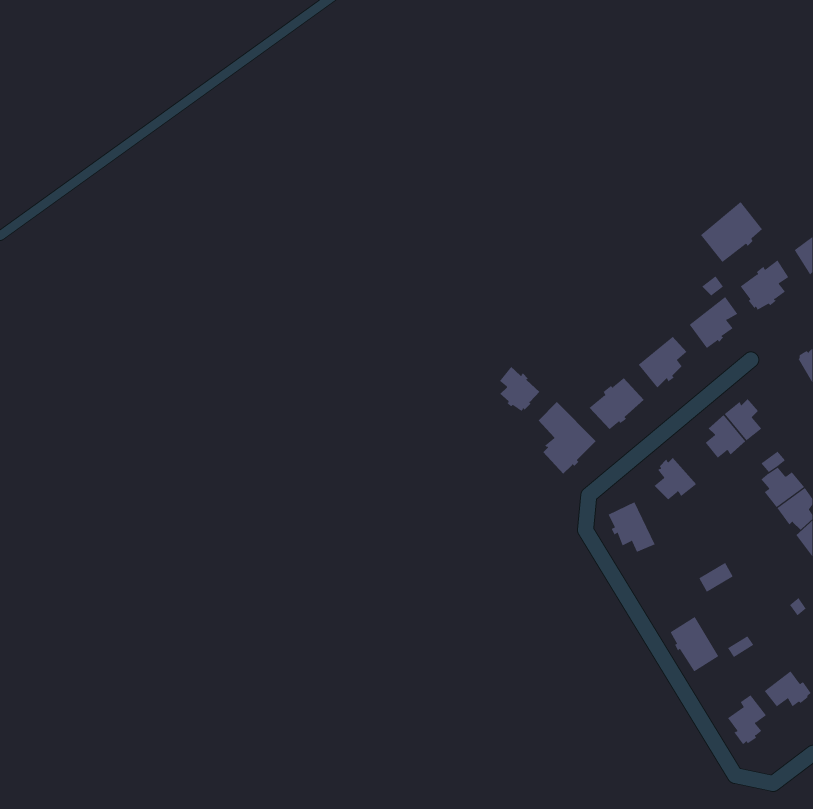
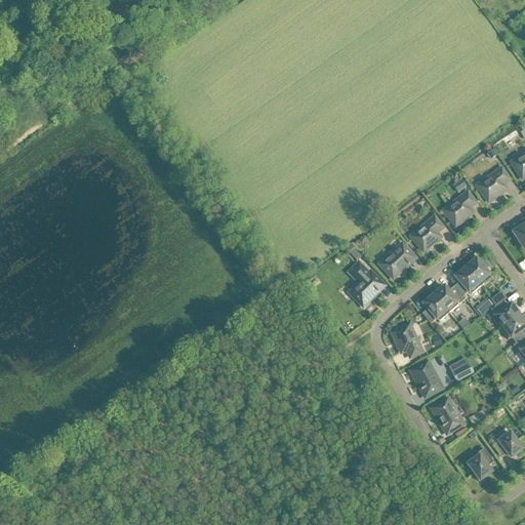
building: [700,201,763,263] -> none
building: [499,366,540,412] -> none
building: none -> [434,285,466,312]
building: none -> [411,361,442,396]

